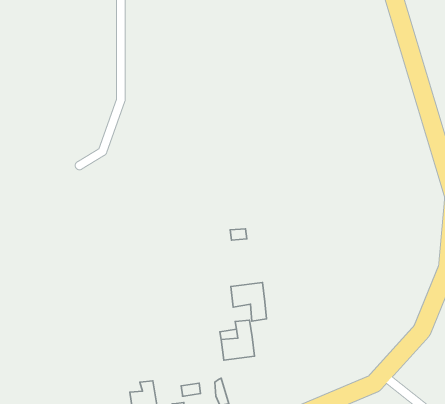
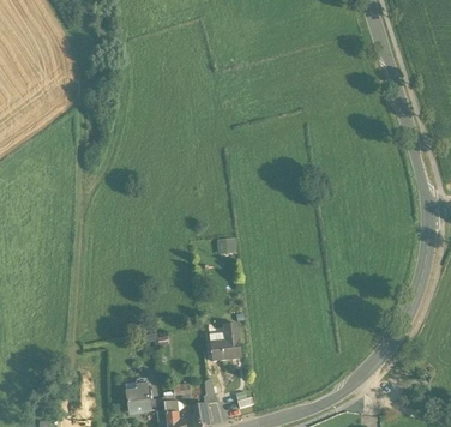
building: [231,282,266,321] -> none

